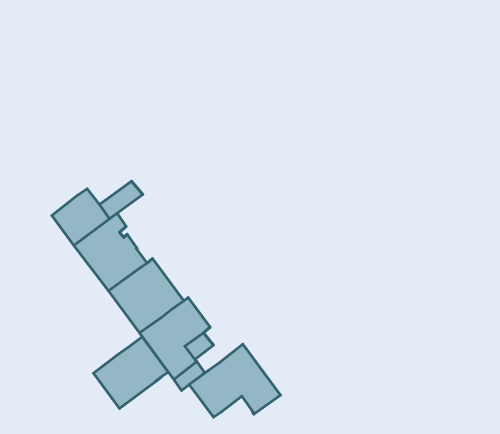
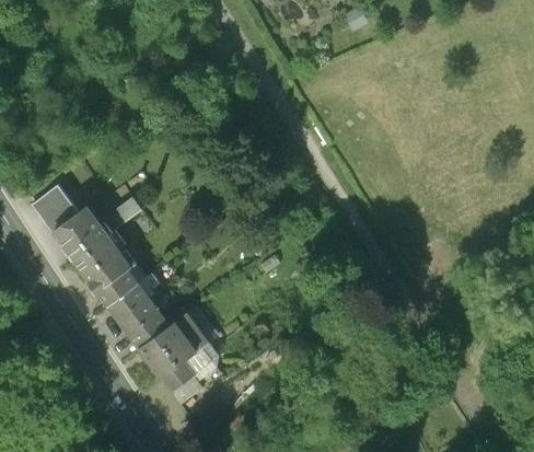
building: none -> [32,187,77,232]
building: [94,337,168,408] -> none
building: [189,344,280,417] -> none

